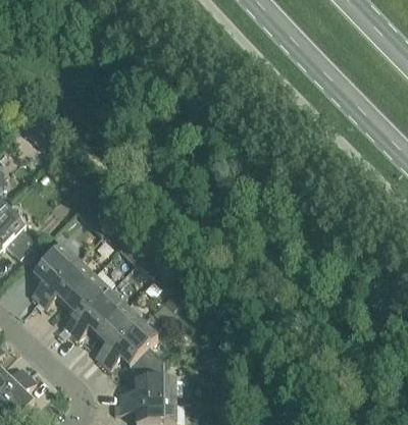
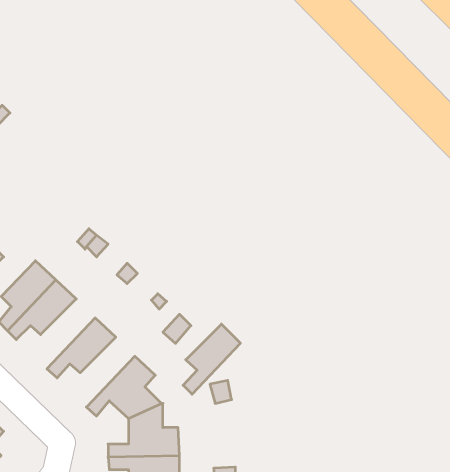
building: [62,275,108,331] -> none
building: [94,306,140,362] -> [183,324,240,394]

